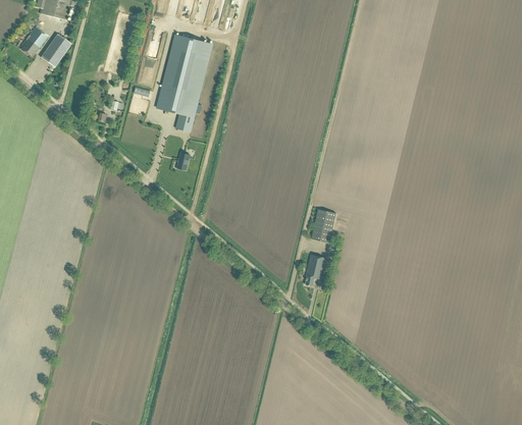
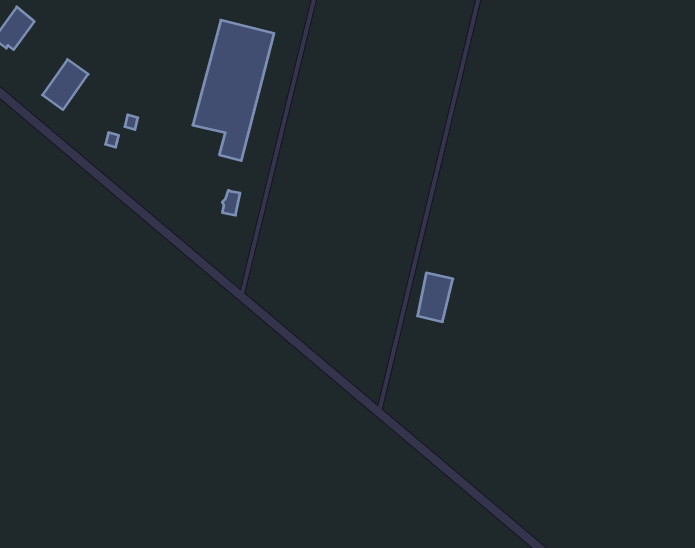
building: [40,32,71,66] -> [42,59,88,110]
building: [304,253,325,284] -> none

